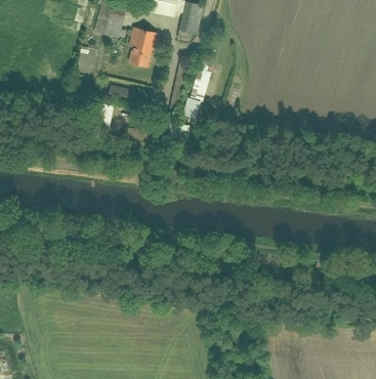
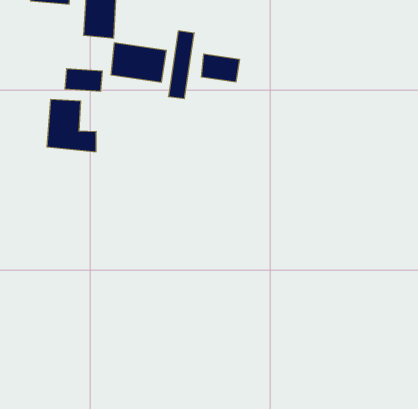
building: none -> [111,43,166,82]
building: none -> [202,54,239,82]

